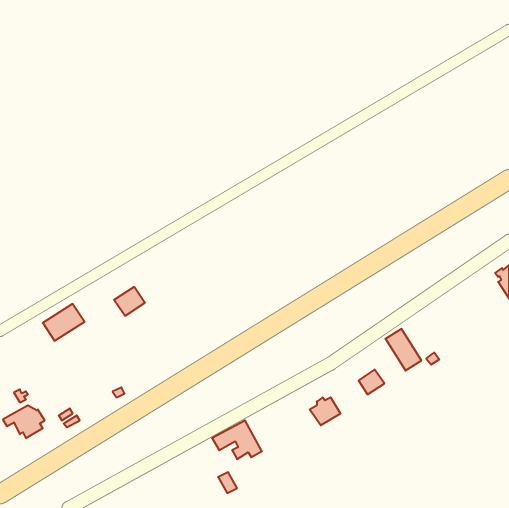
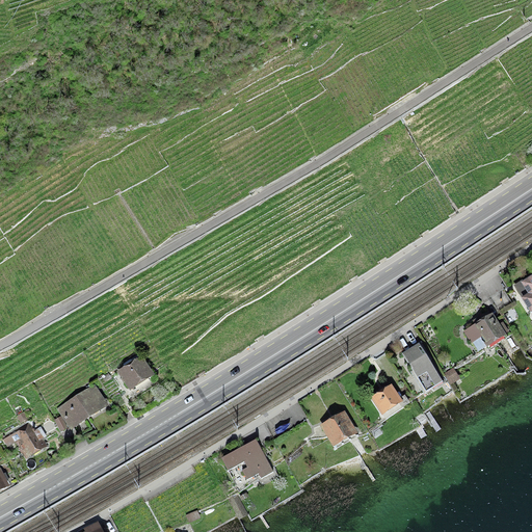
building: [114,287,145,316] -> [119,358,152,389]
building: none -> [464,314,505,343]
building: [43,304,85,341] -> [62,387,106,425]

